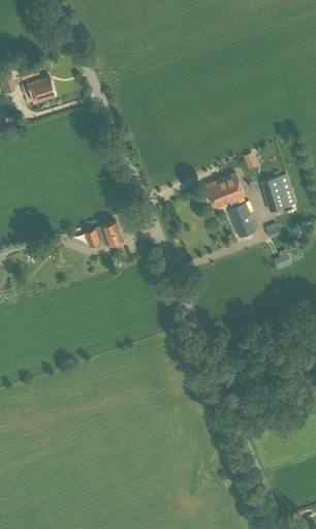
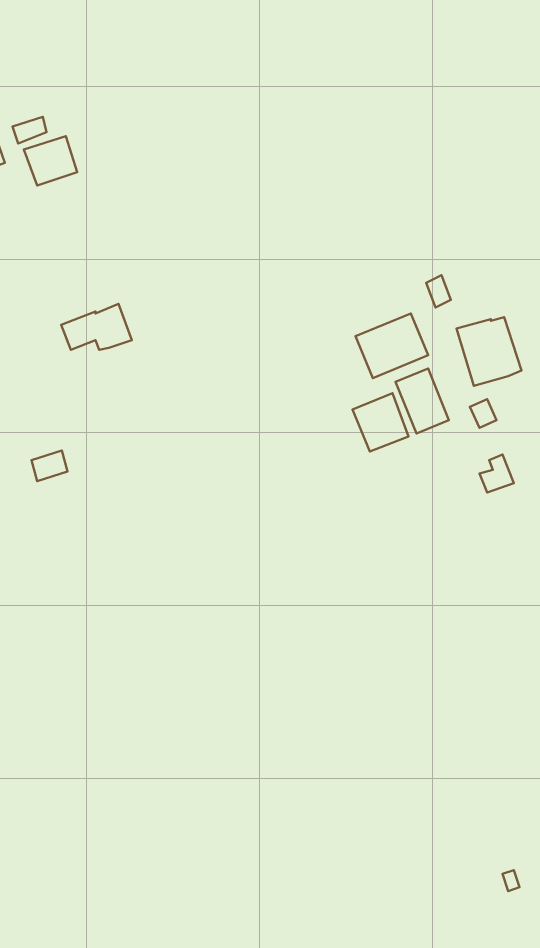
building: none -> [352,393,408,452]
building: [84,222,122,247] -> [61,304,132,350]

